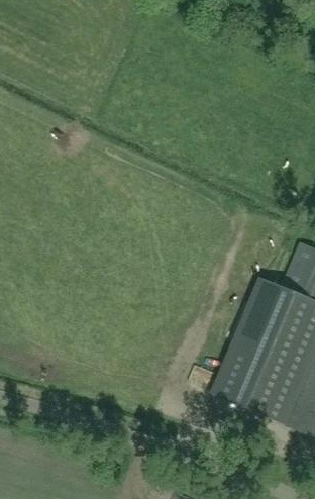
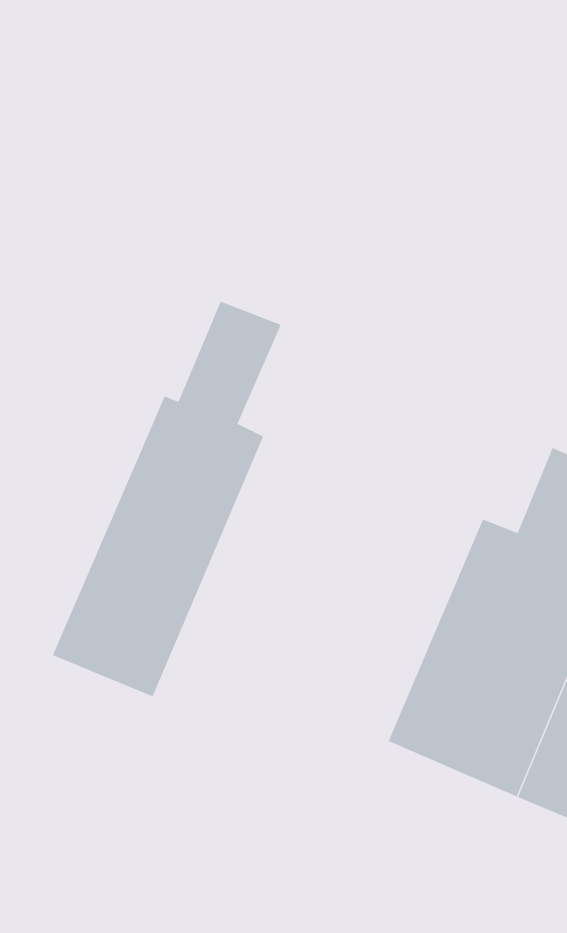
building: none -> [52,301,281,697]

